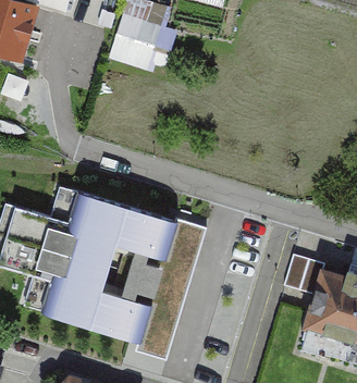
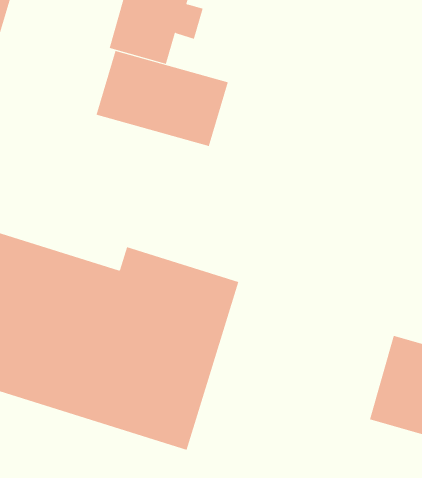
building: none -> [96,50,228,147]
building: [283,257,320,294] -> none

